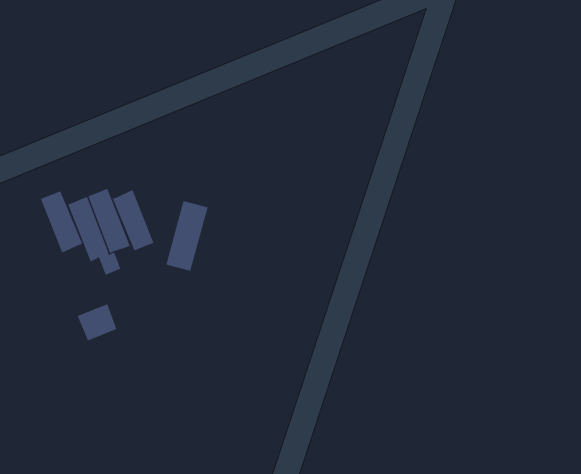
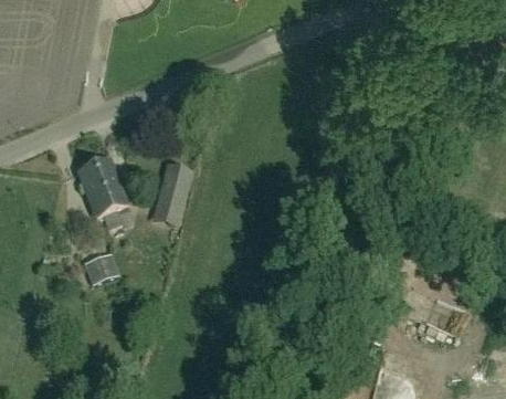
building: [112,190,154,251] -> none
building: [40,190,83,253] -> none

